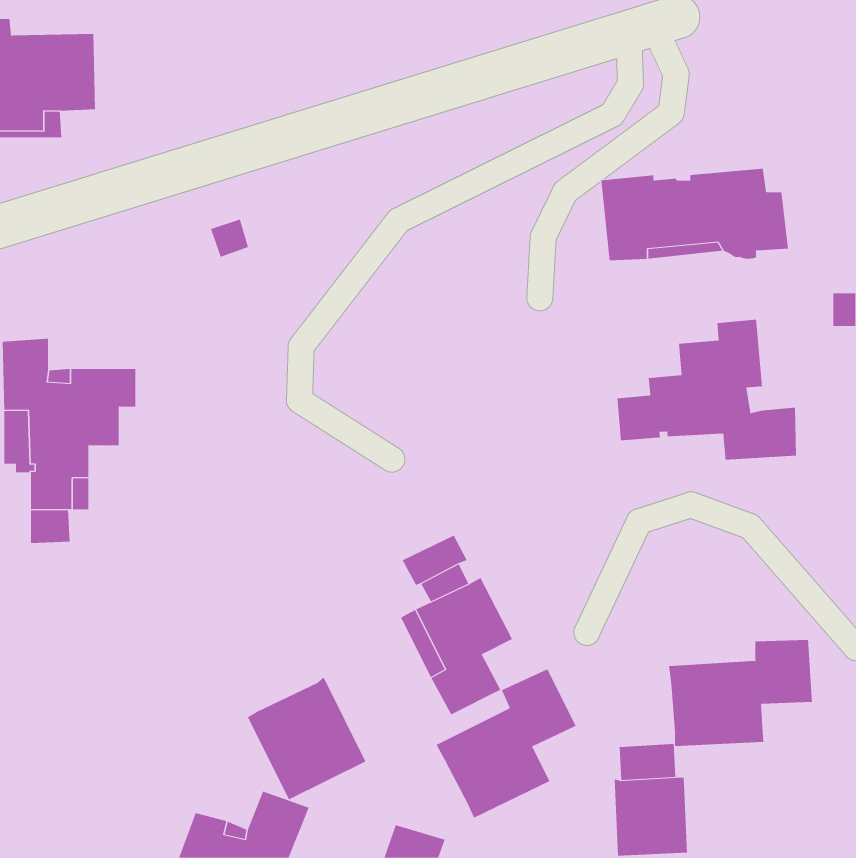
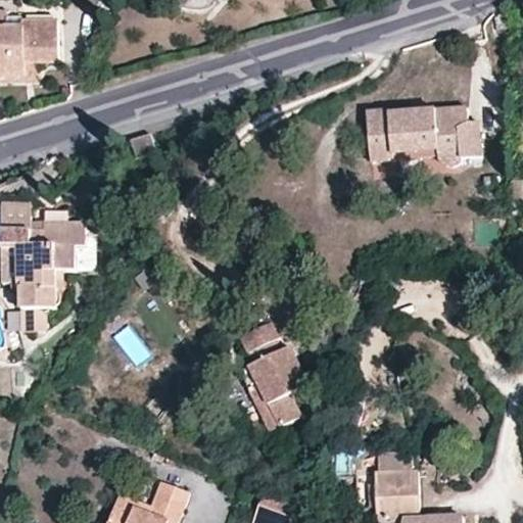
building: [617,319,796,460] -> none
building: [669,639,812,747] -> none
building: [436,668,576,819] -> none
building: [247,676,366,800] -> none

